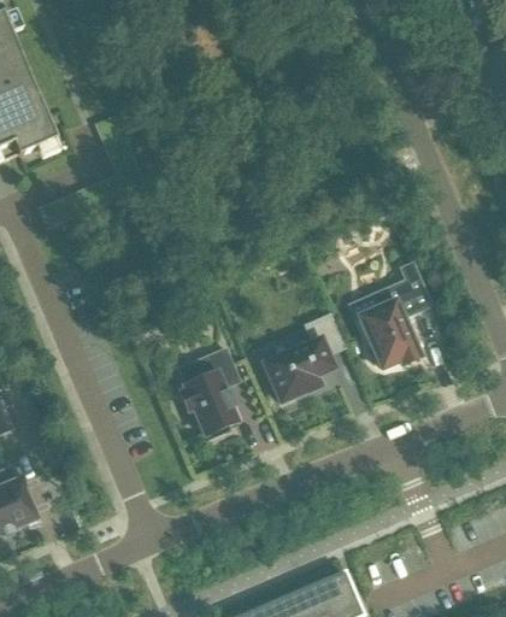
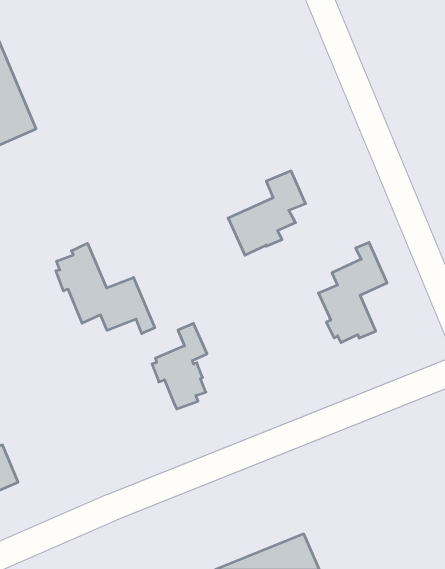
building: none -> [56,243,155,334]
building: [263,312,346,402] -> [228,171,306,255]

